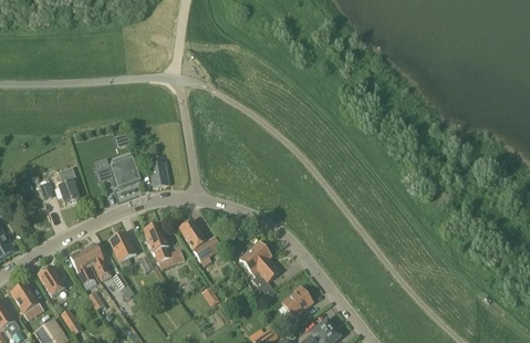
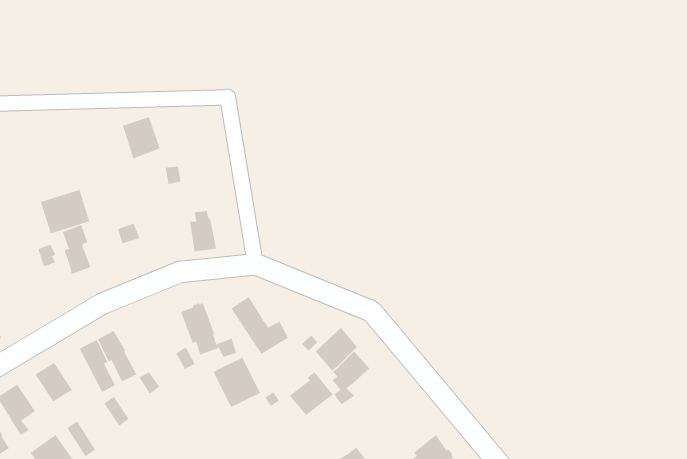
building: none -> [40,189,90,234]
building: [112,152,139,183] -> [122,116,160,159]
building: [110,231,137,261] -> none
building: none -> [213,357,261,408]
building: [281,284,313,316] -> [289,371,333,416]

